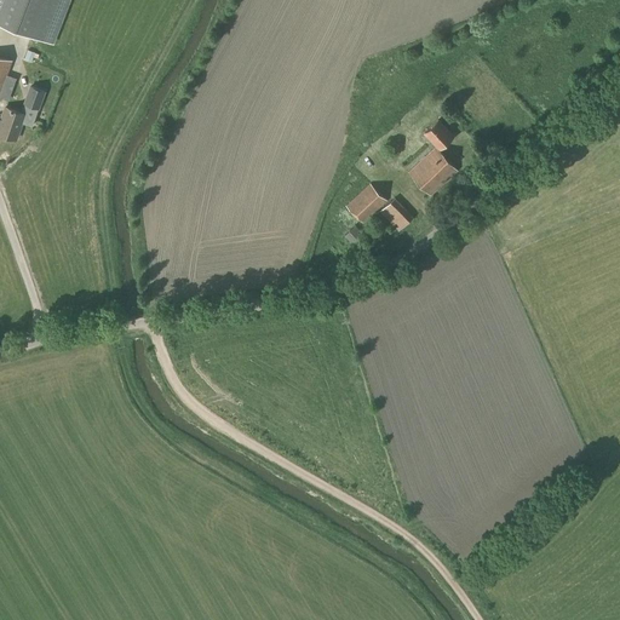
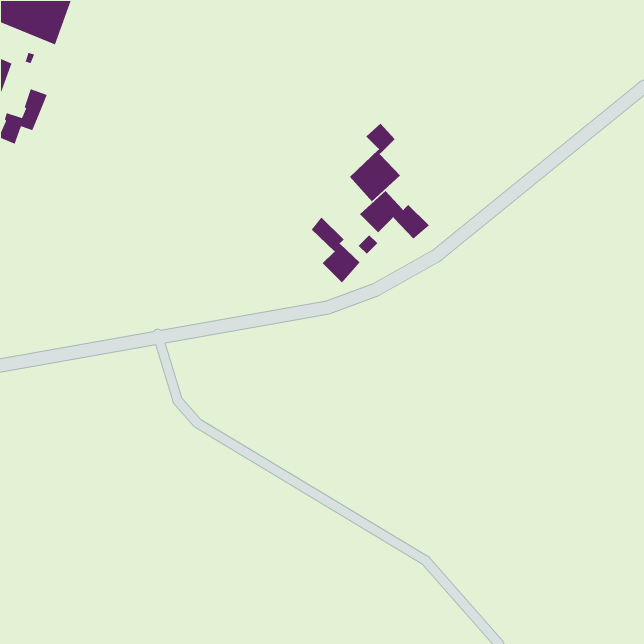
building: [408,120,458,196] -> [349,123,401,202]
building: none -> [311,216,361,284]

